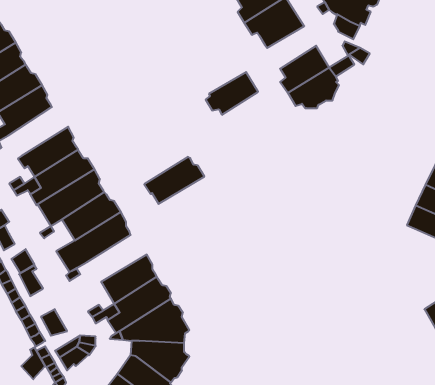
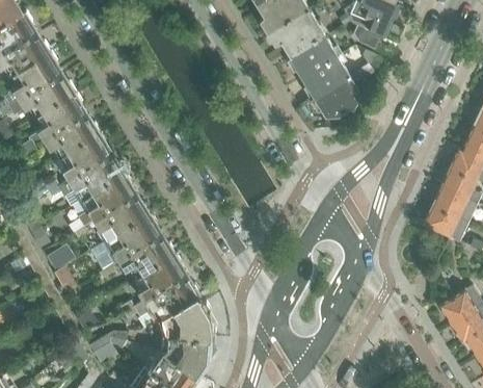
building: [206,72,258,115] -> [287,36,337,77]
building: none -> [44,113,101,160]
building: [144,157,204,204] -> [118,235,176,280]

